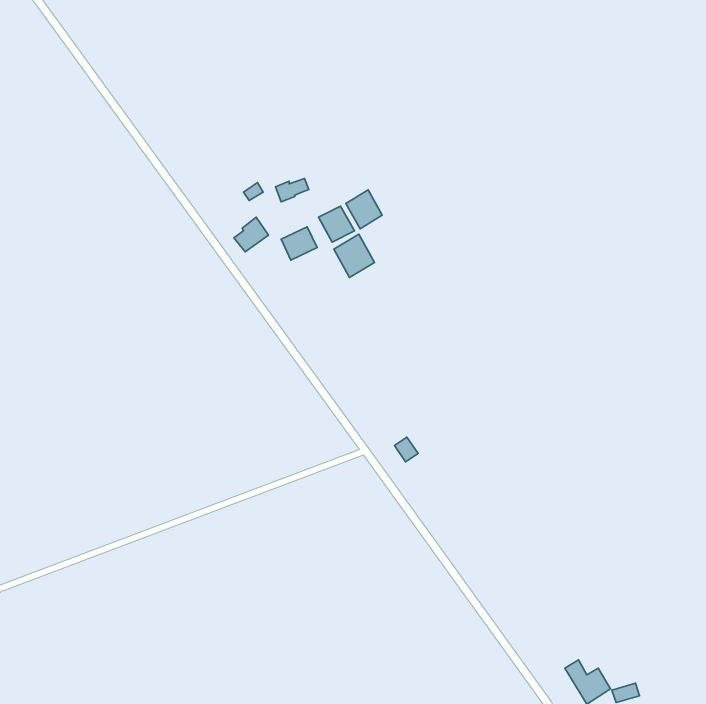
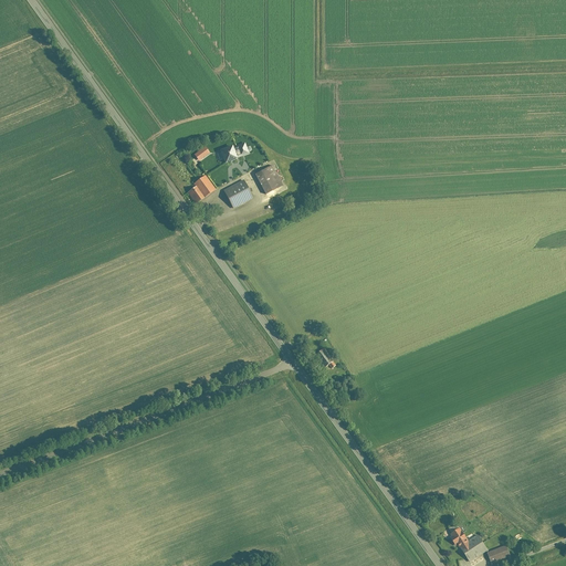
building: [346,190,382,229] -> none
building: [334,234,374,278] -> none

